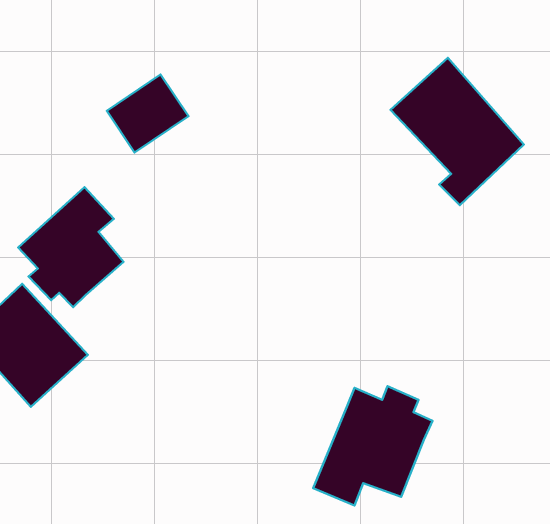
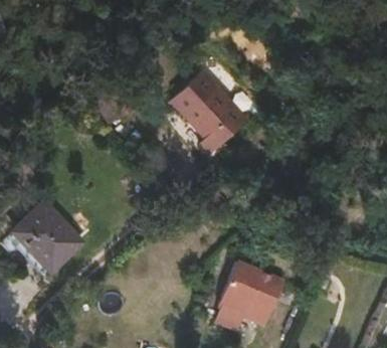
building: [391,58,524,205] -> [171,69,248,155]
building: [18,187,124,307] -> none

